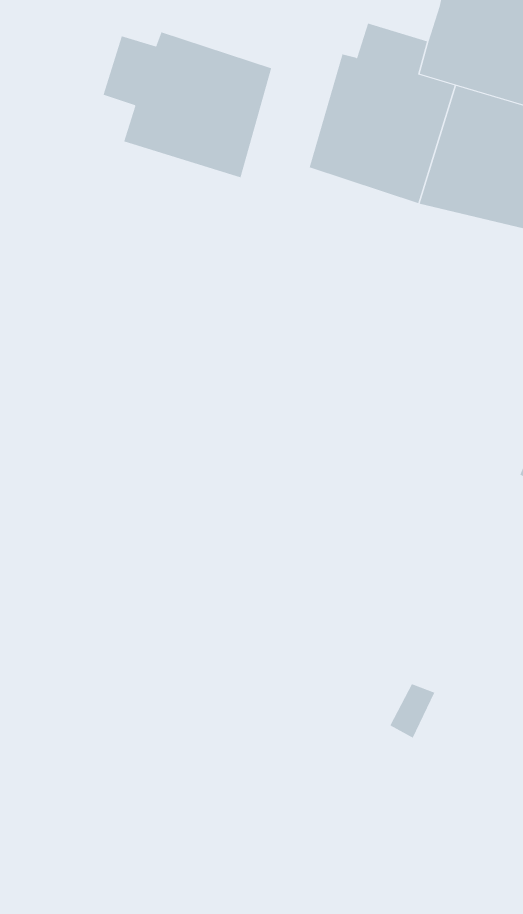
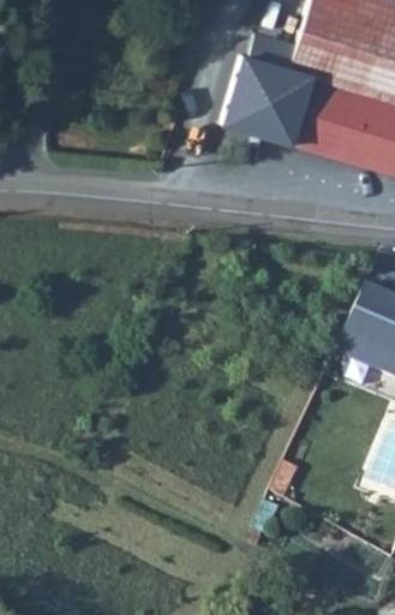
building: [103,32,272,178] -> none

